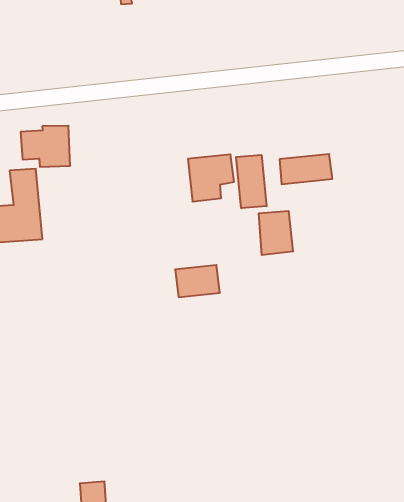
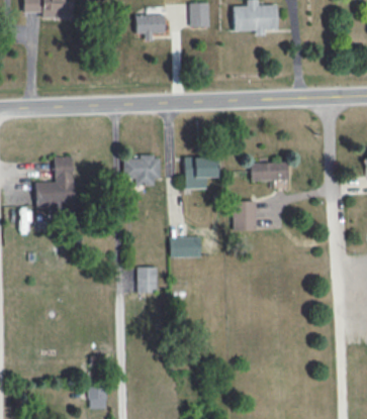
building: [21,126,70,167] -> [124,155,160,186]
building: [236,155,267,208] -> none
building: none -> [137,267,158,293]

